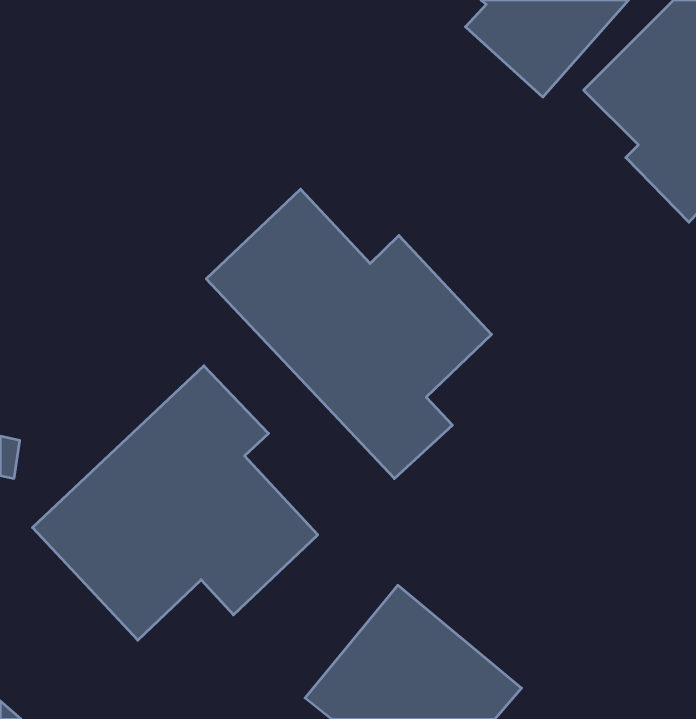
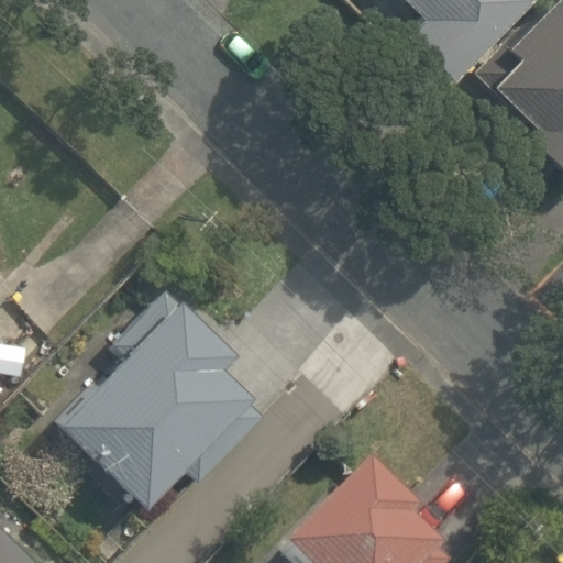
building: [206,189,492,479] -> none

